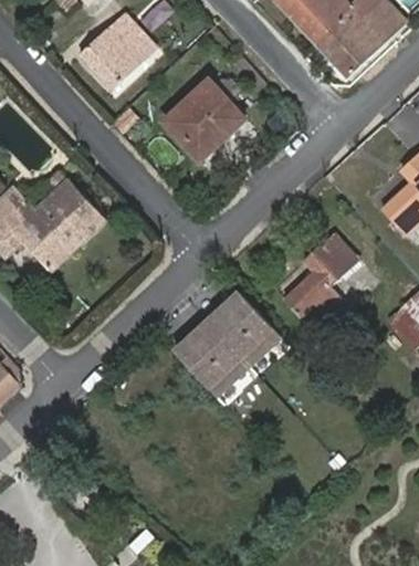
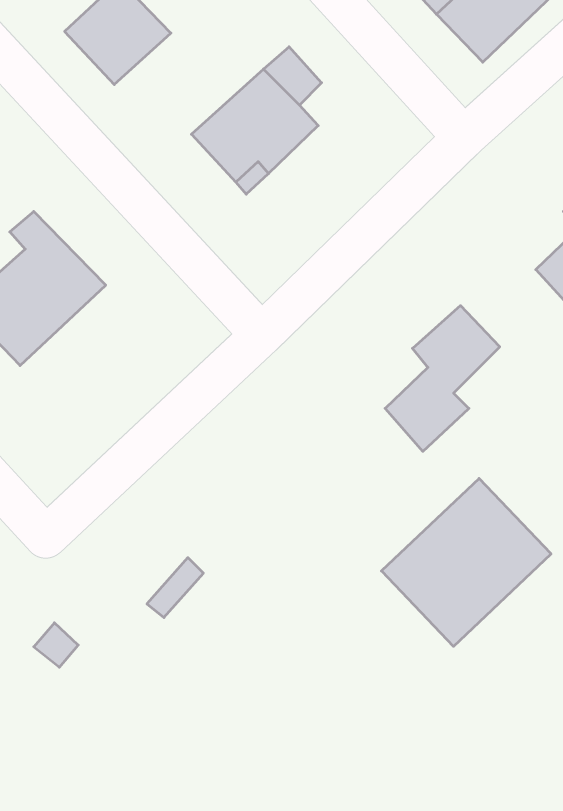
building: [178,286,287,395] -> [381,478,551,646]

